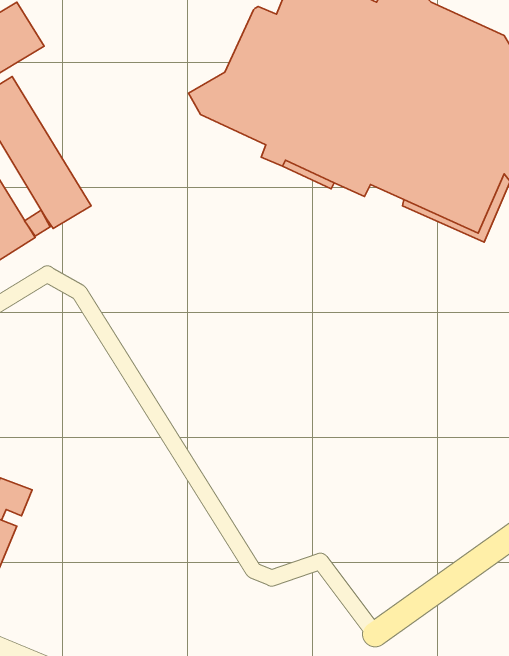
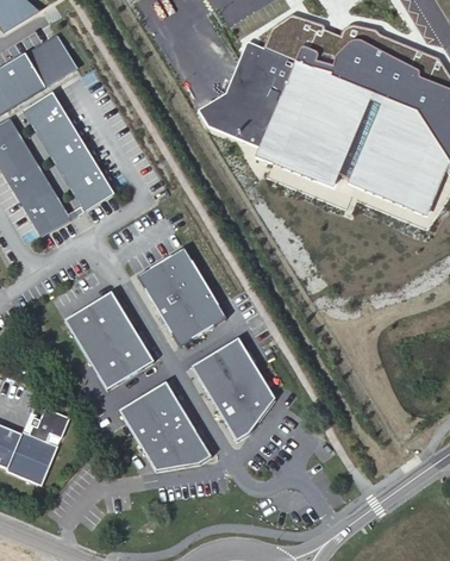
building: none -> [136,247,225,345]
building: none -> [64,292,152,389]
building: none -> [190,338,274,441]
building: none -> [118,381,211,470]

